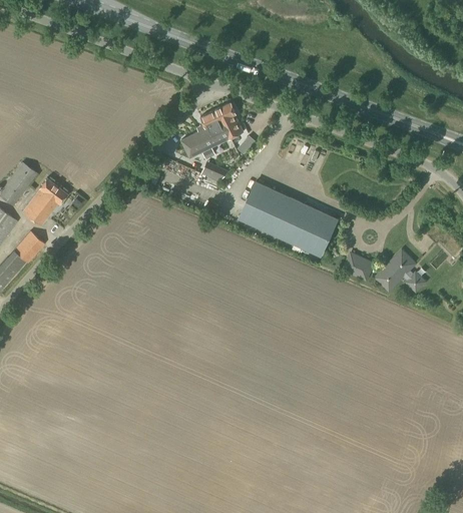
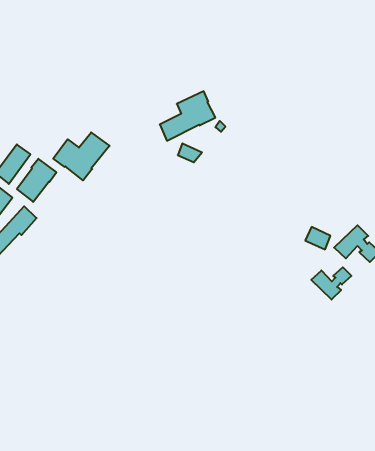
building: none -> [53,132,110,180]
building: [239,182,338,255] -> none
building: none -> [311,267,351,300]

